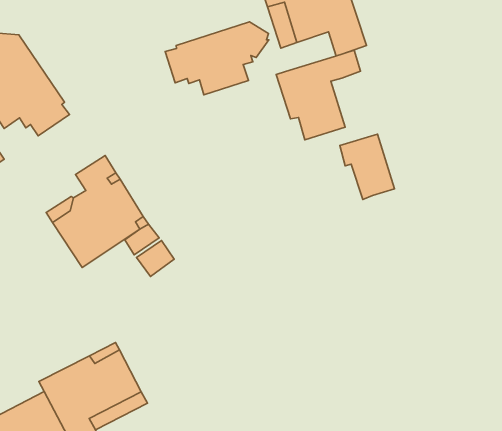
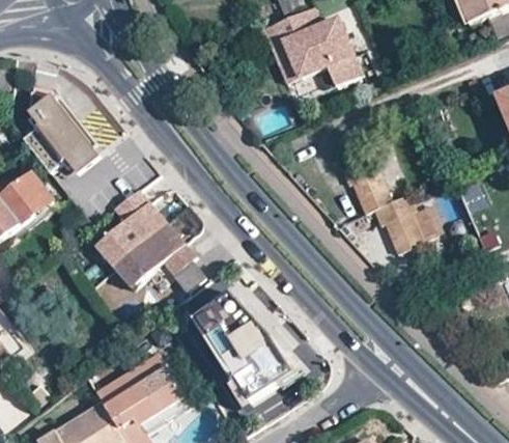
building: [165,22,269,95] -> none
building: [276,50,361,140] -> none
building: none -> [373,195,425,253]
building: none -> [192,286,295,402]

